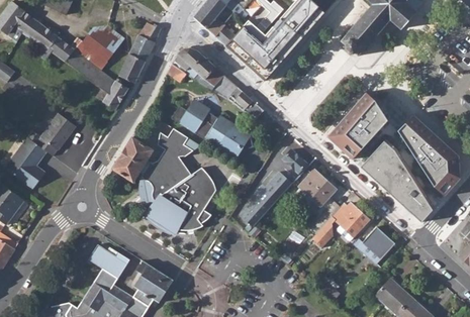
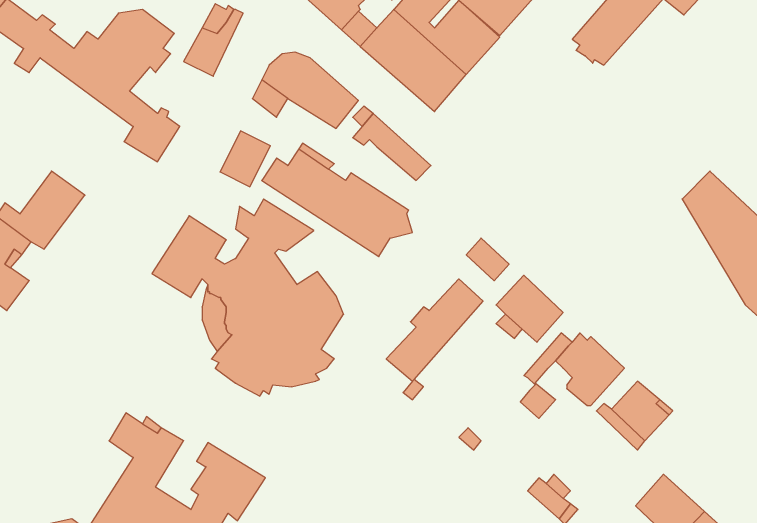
building: [118,54,146,84] -> [220,131,270,187]
building: [327,91,387,158] -> none
building: [361,137,435,221] -> none

